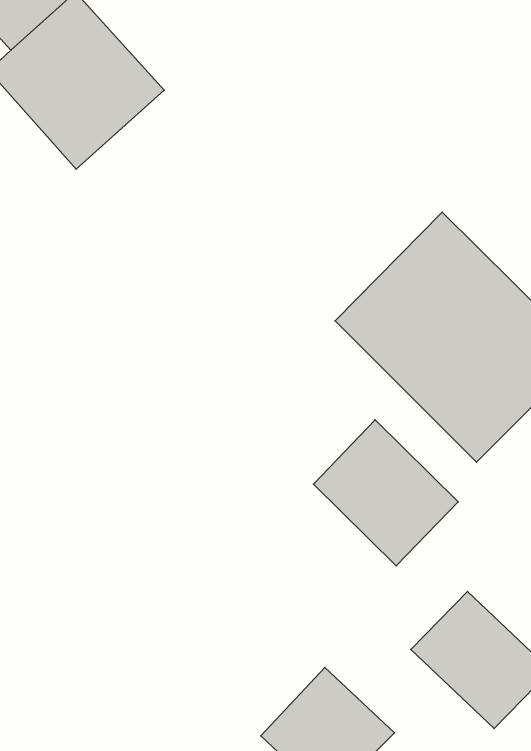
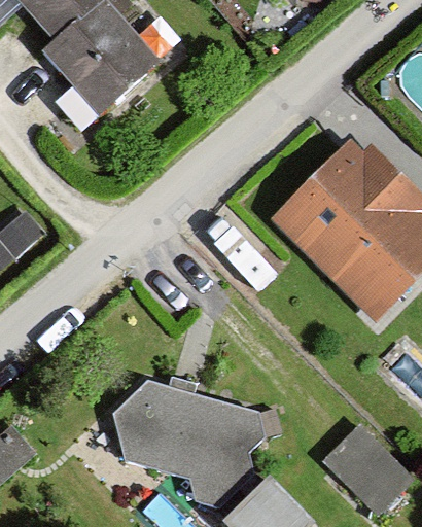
building: [313,420,458,566] -> none
building: none -> [111,377,266,503]

